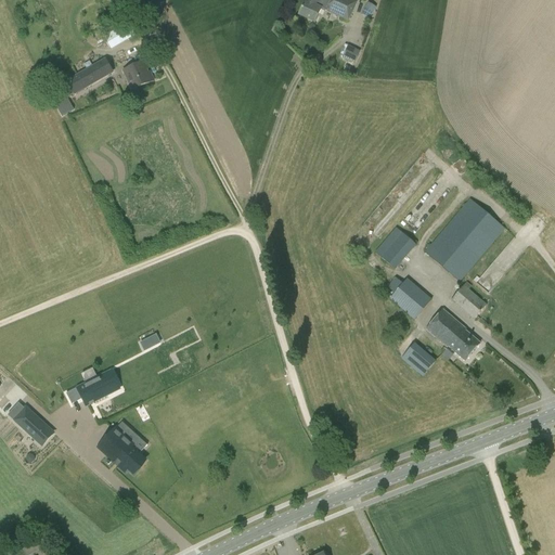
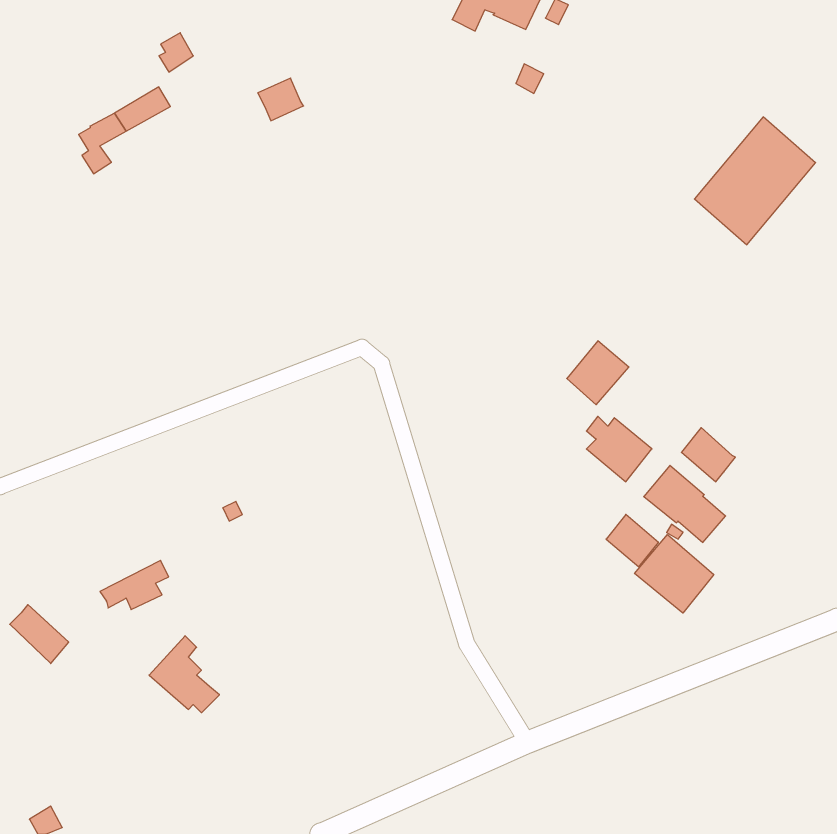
building: [124,60,154,88] -> [258,78,304,121]
building: [425,196,505,281] -> [694,117,816,245]
building: none -> [635,535,714,613]

